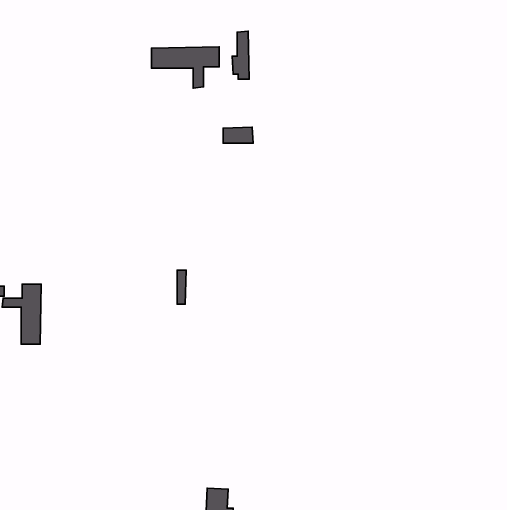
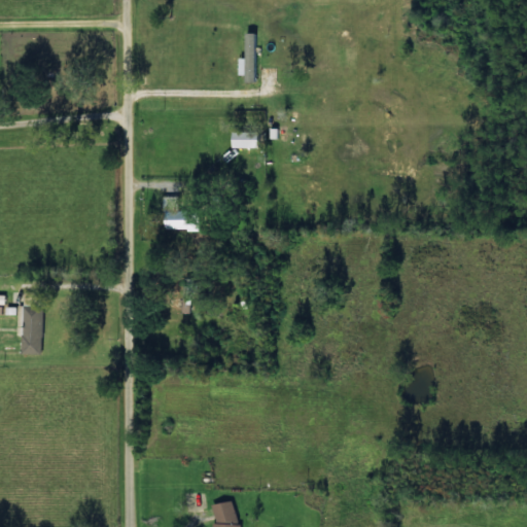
building: [151,47,219,88] -> none
building: none -> [163,197,195,231]

